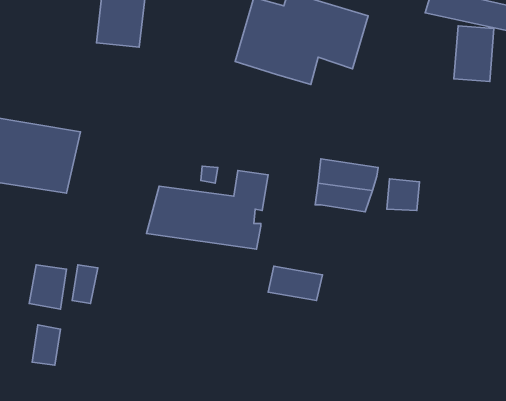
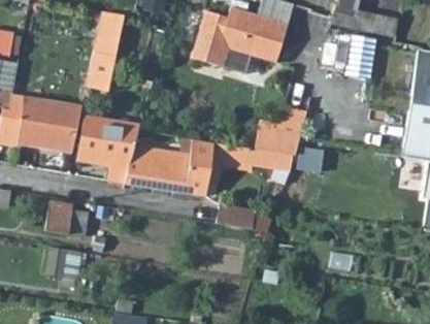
building: none -> [86,51,115,91]
building: none -> [75,116,140,186]
building: none -> [205,140,254,179]

